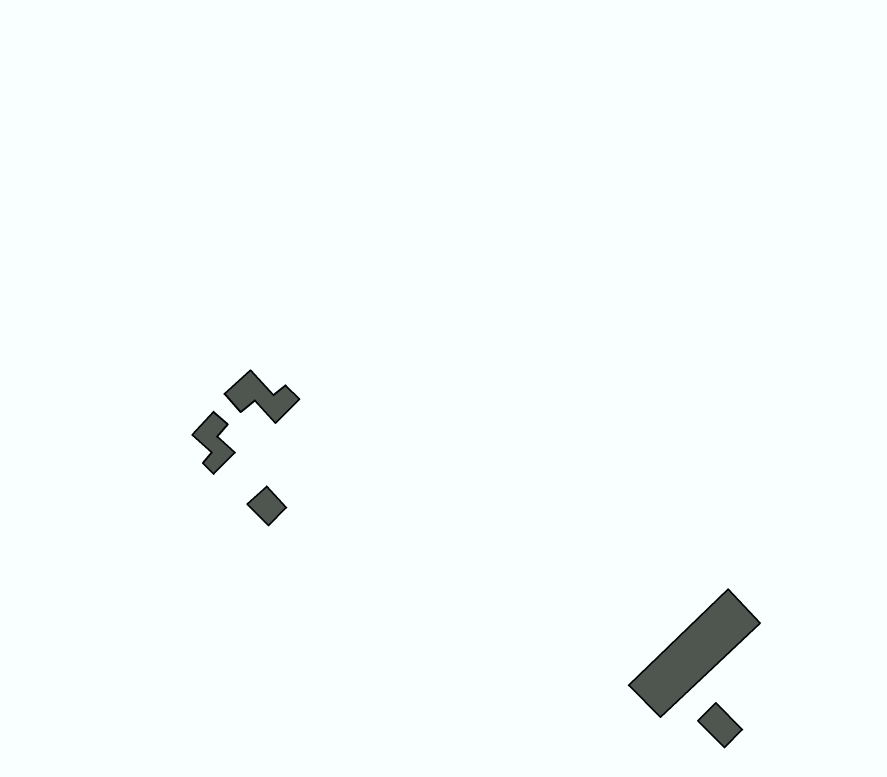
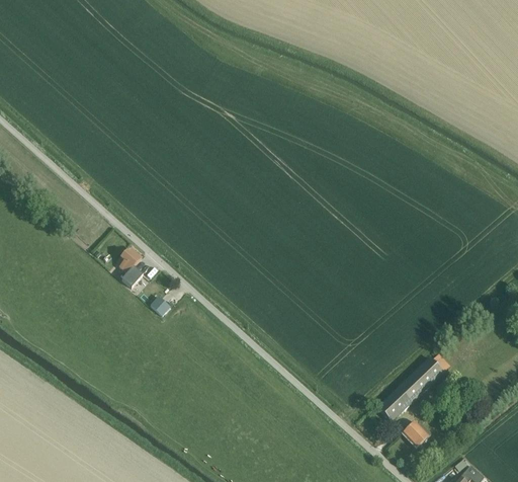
building: [224,370,299,423] -> none

